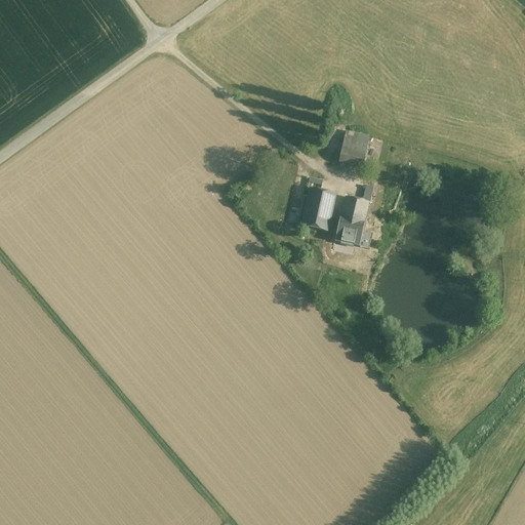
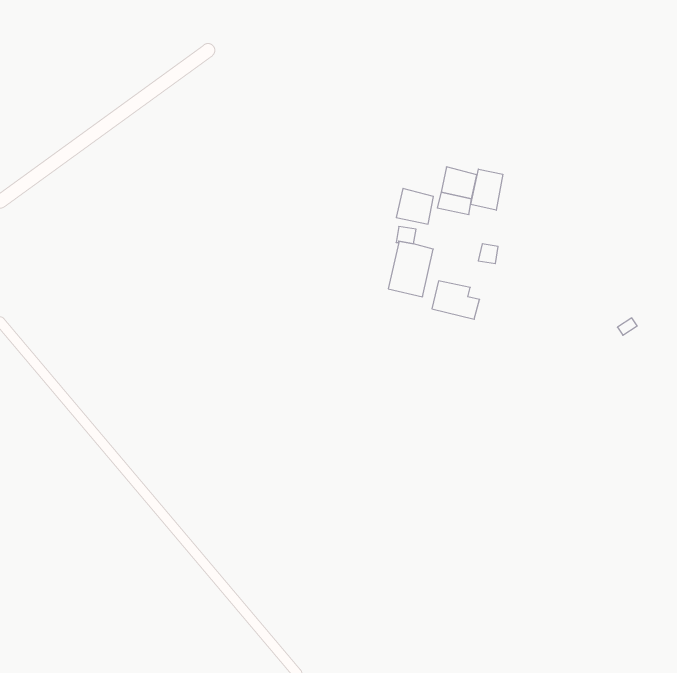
building: none -> [471,169,503,210]
building: [339,195,368,223] -> [396,188,433,224]

